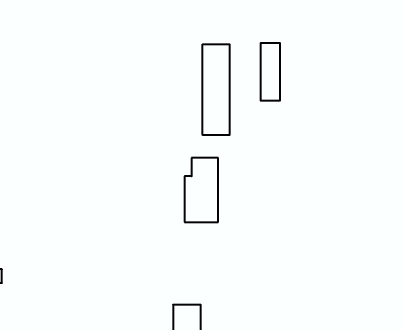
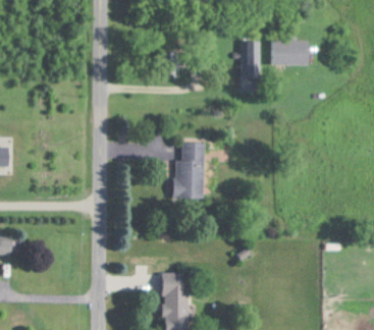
building: none -> [272,41,308,65]
building: [203,44,230,135] -> none

